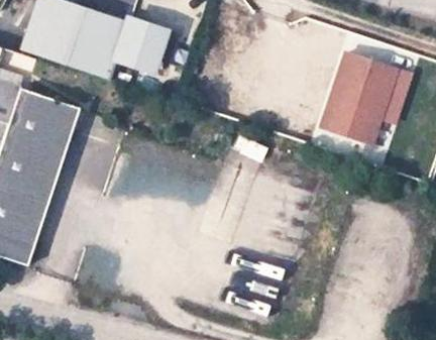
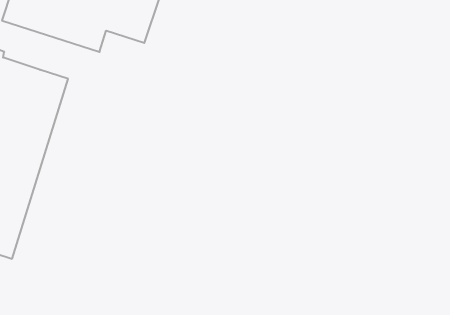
building: [327,53,402,144] -> none

